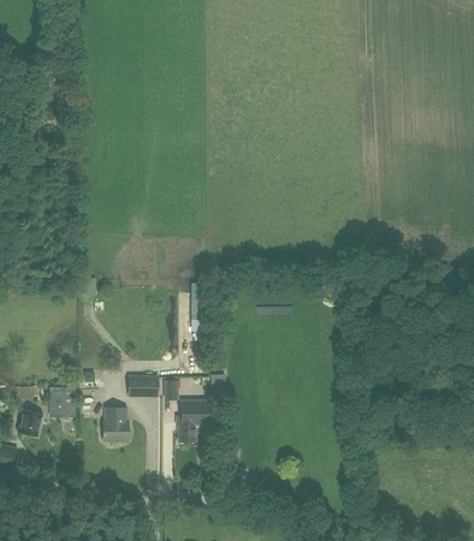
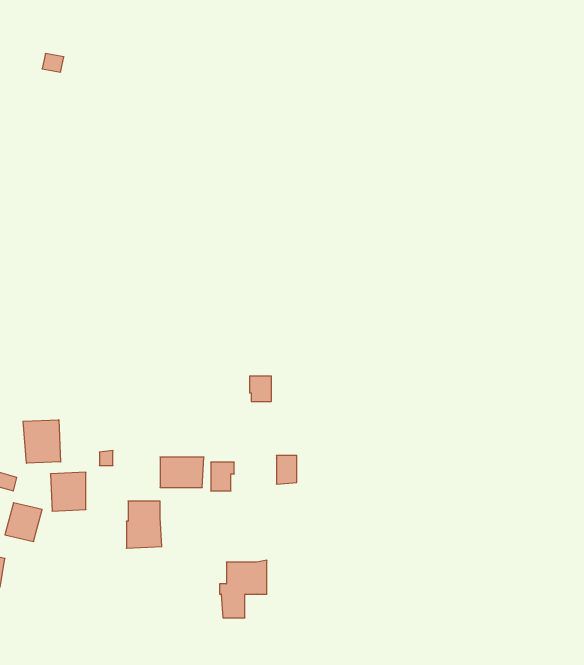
building: none -> [23,420,61,463]
building: [176,399,209,440] -> [220,560,267,618]

